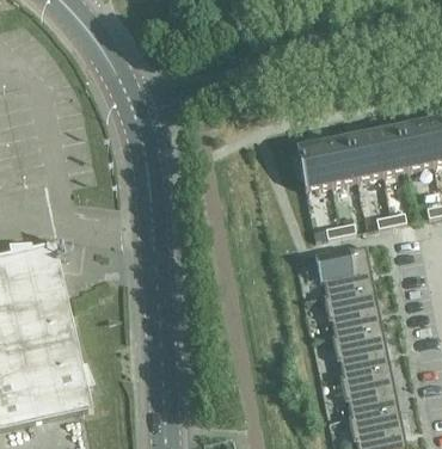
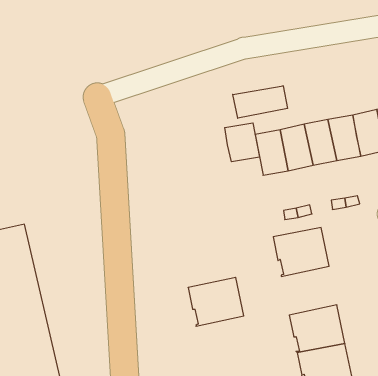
building: none -> [233,86,288,118]
building: none -> [225,123,260,162]
building: [323,287,381,338] -> [188,277,244,326]

